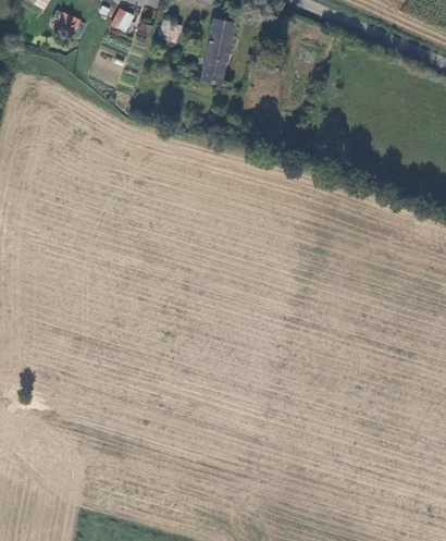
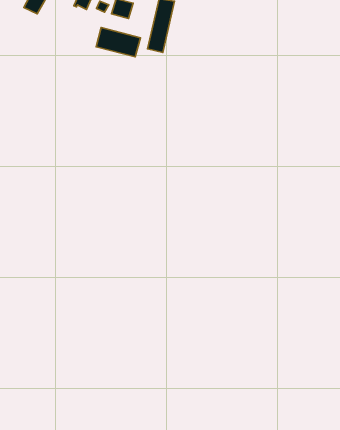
building: none -> [96,27,141,57]

